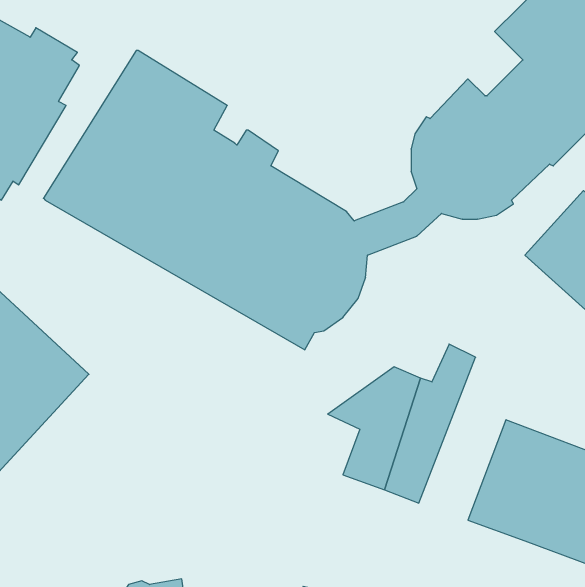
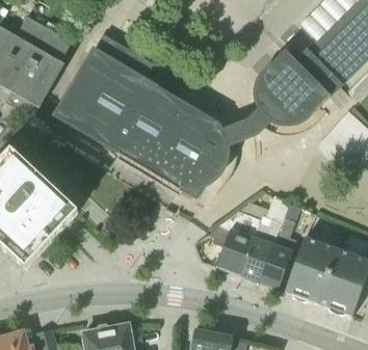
building: none -> [258,201,300,288]

